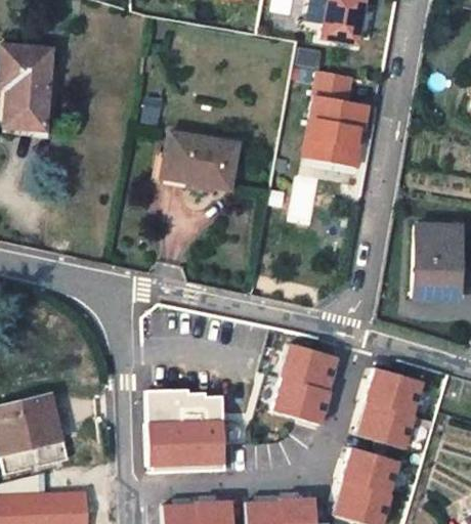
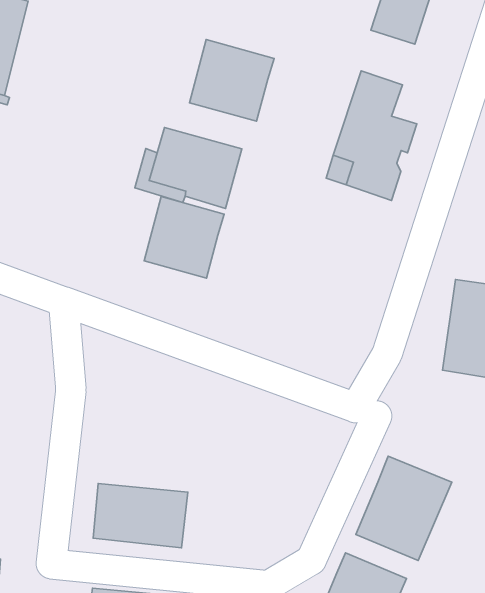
building: none -> [190,39,274,121]
building: none -> [144,196,224,278]
building: [277,344,346,423] -> none
building: [156,388,227,422] -> none

